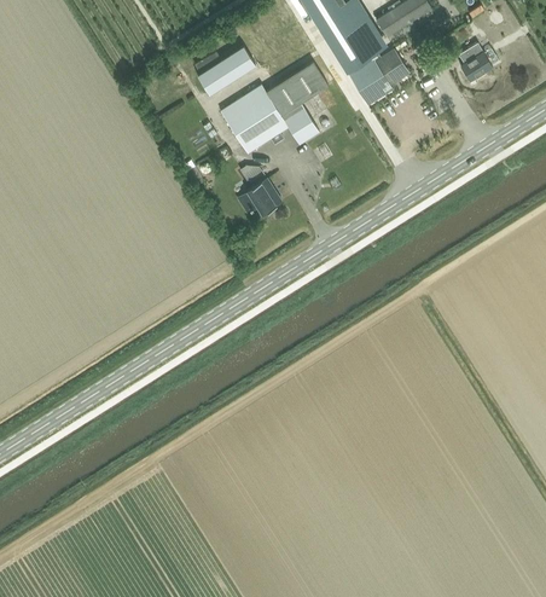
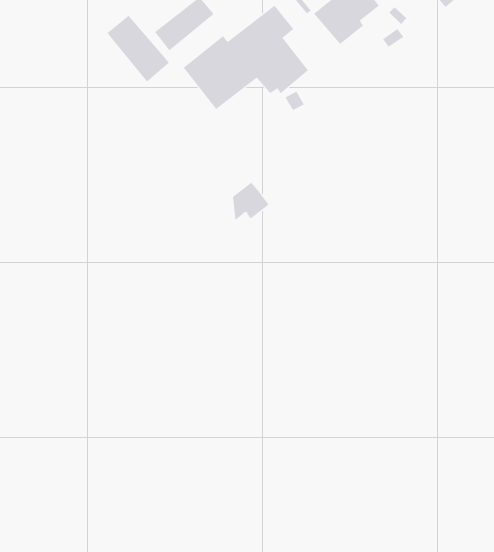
building: none -> [106,15,170,82]
building: [246,179,280,214] -> [232,182,269,221]

